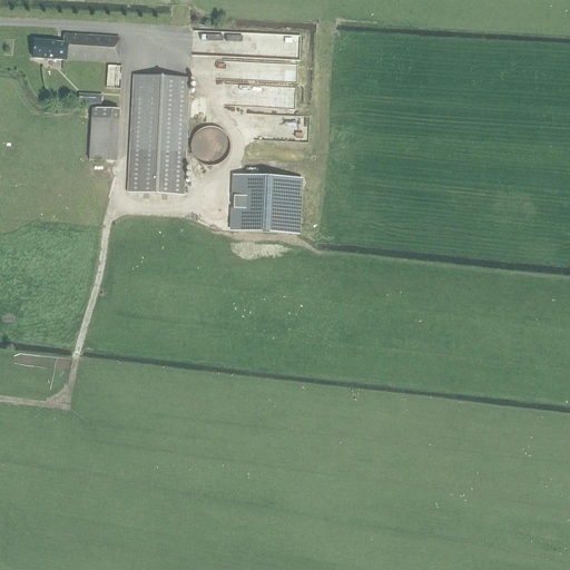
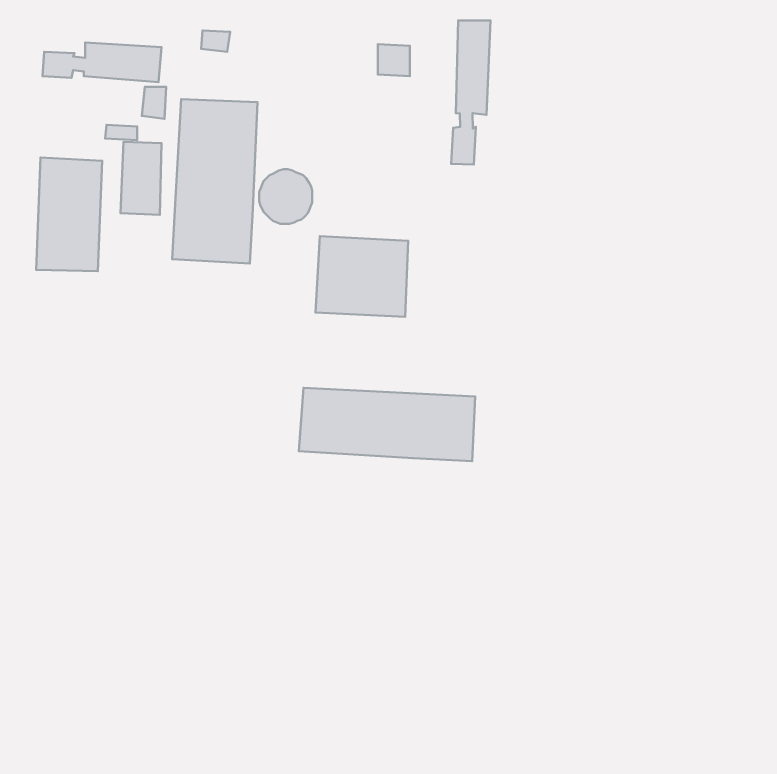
building: none -> [451,20,491,165]
building: none -> [36,157,102,271]
building: none -> [299,388,475,461]

